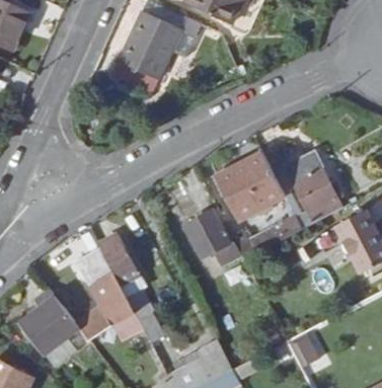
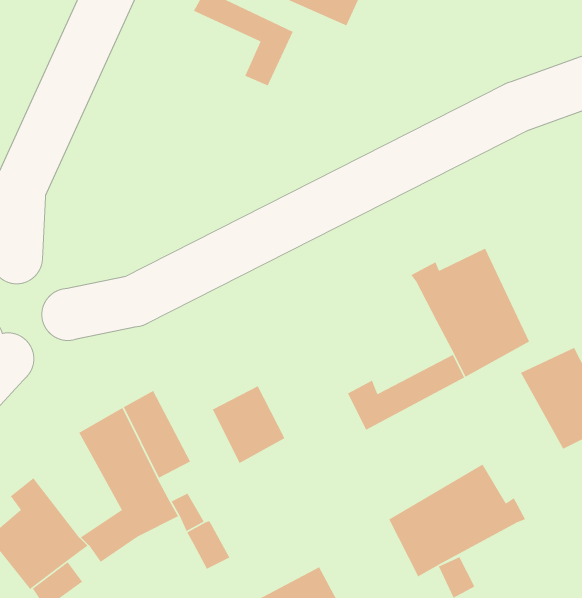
building: [113,12,181,92] -> none
building: [218,152,286,219] -> none
building: [186,211,230,257] -> [212,385,285,464]
building: none -> [388,464,526,577]

